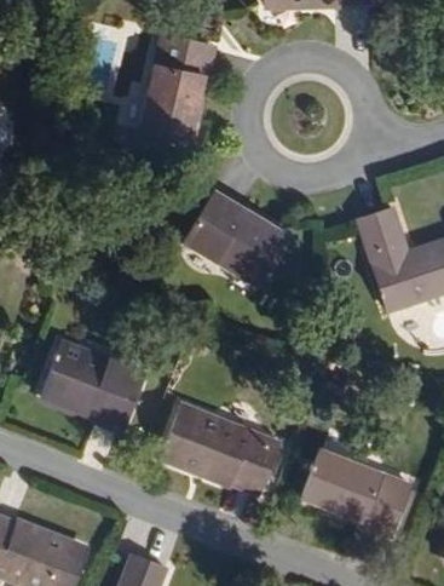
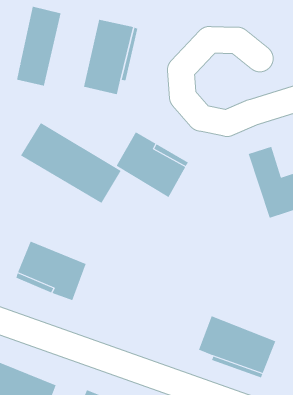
building: none -> [16,6,61,87]
building: none -> [20,122,122,204]
building: [152,403,272,496] -> none

